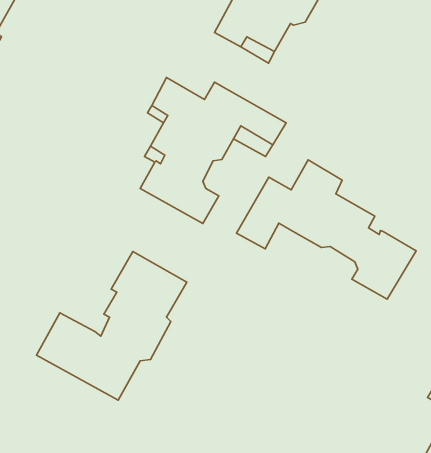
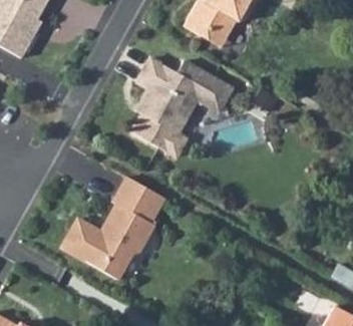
building: [237,160,416,299] -> none

